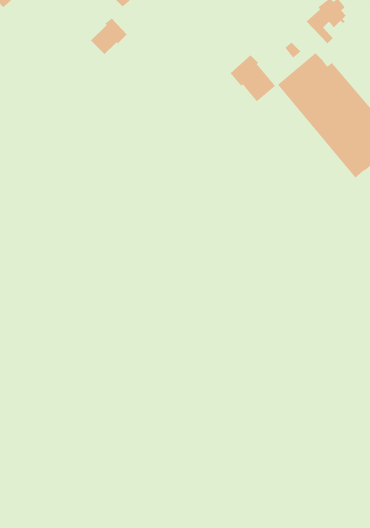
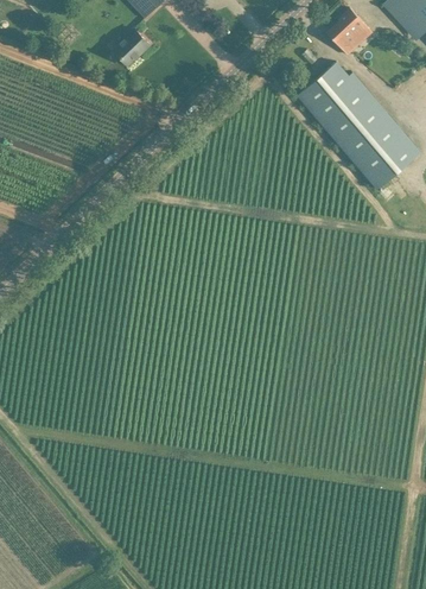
building: [230,54,276,102] -> none

